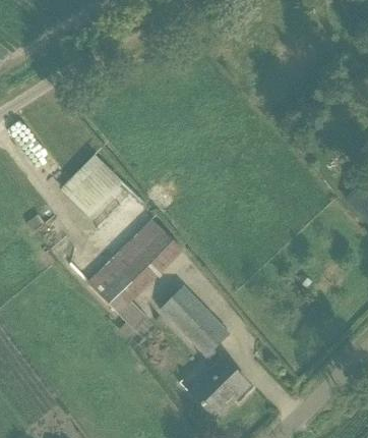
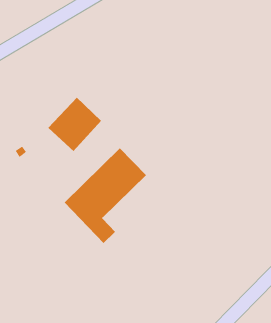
building: [160,285,248,416] -> none

